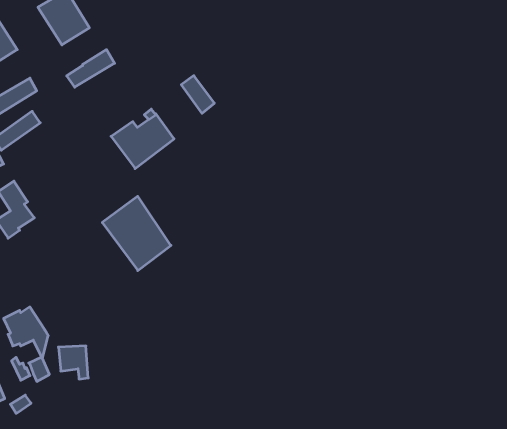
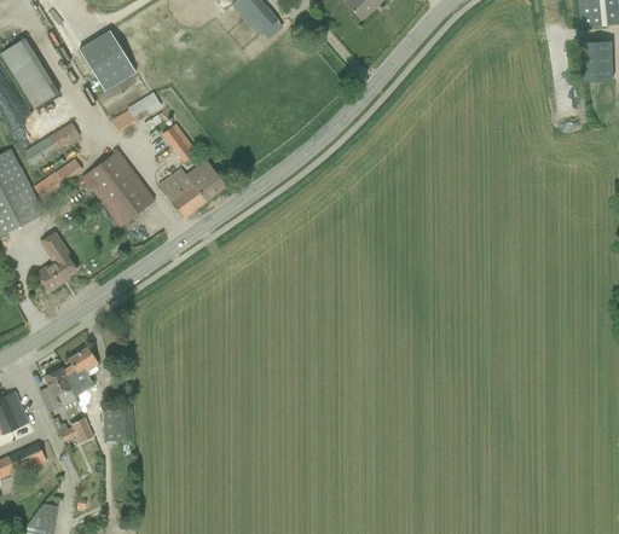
building: [181,76,214,113] -> [161,124,196,164]
building: [102,196,171,271] -> [81,149,154,227]
building: none -> [68,347,98,389]

